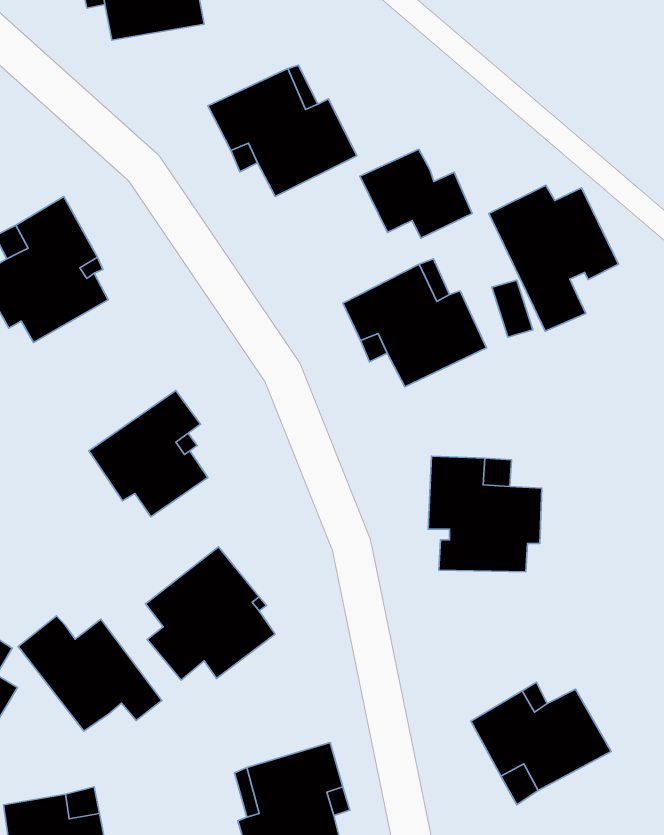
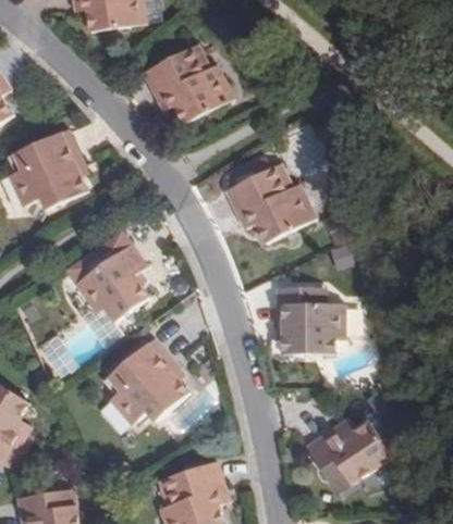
building: [360,149,472,238] -> none
building: [489,185,618,331] -> none
building: [18,616,162,731] -> none

